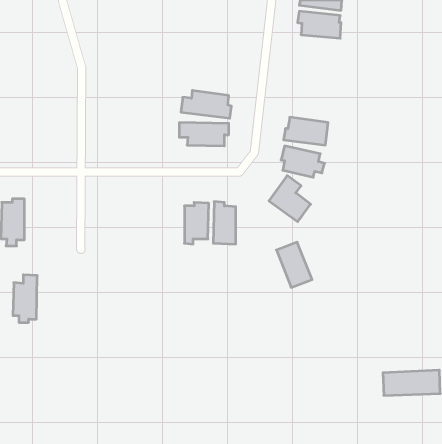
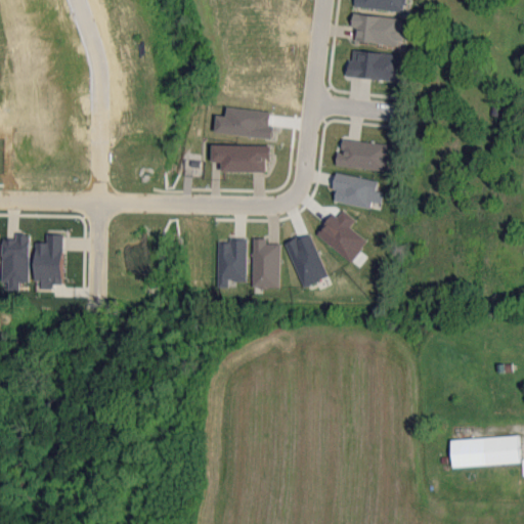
building: none -> [347,49,402,82]
building: [276,242,312,287] -> [283,233,325,287]
building: [13,275,37,322] -> [34,232,62,289]

